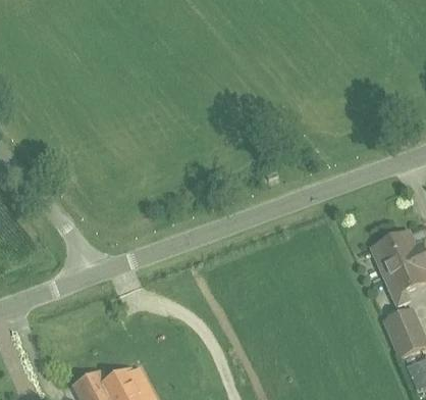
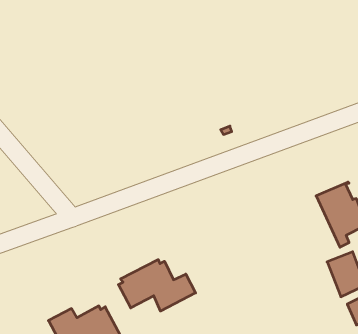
building: none -> [118,260,196,311]

